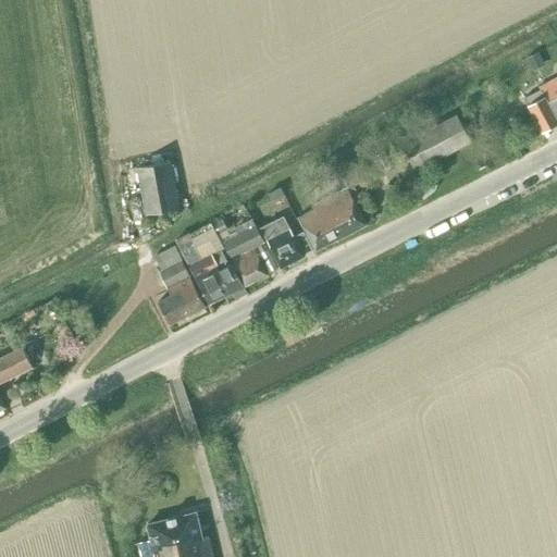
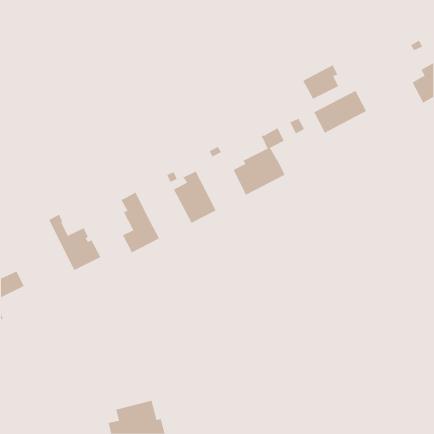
building: none -> [303,65,339,100]
building: [136,161,178,214] -> none
building: [259,215,313,268] -> none
building: [175,232,243,305] -> [48,214,101,271]

